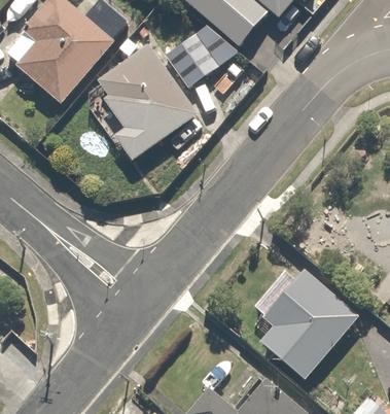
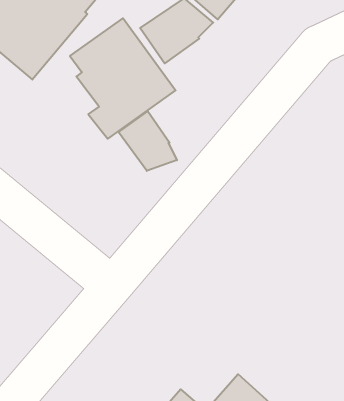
building: none -> [119,111,177,171]
building: [251,280,353,391] -> none

